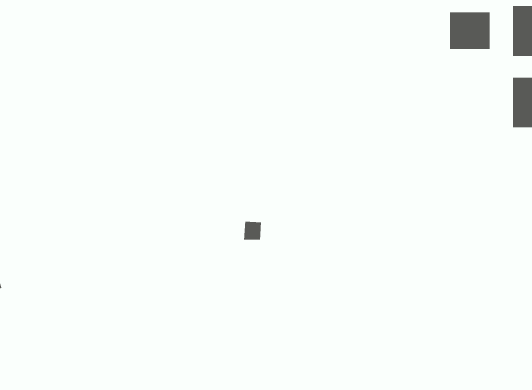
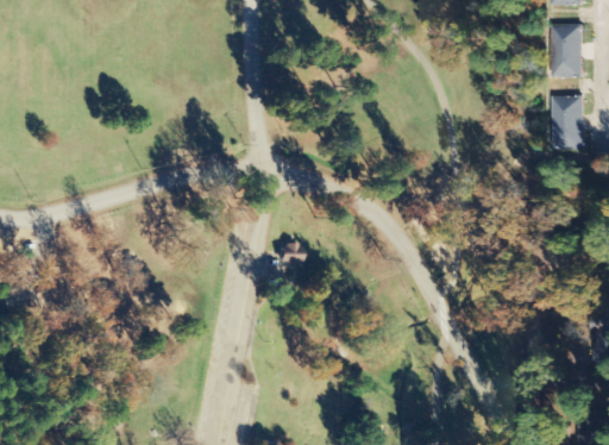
building: [449,12,491,50] -> none

